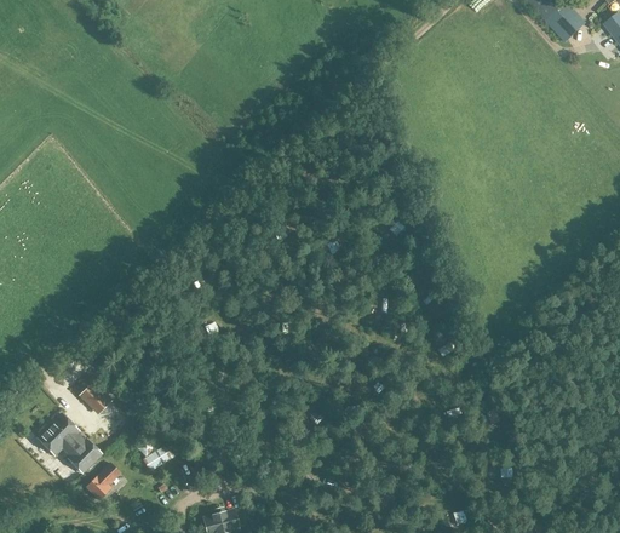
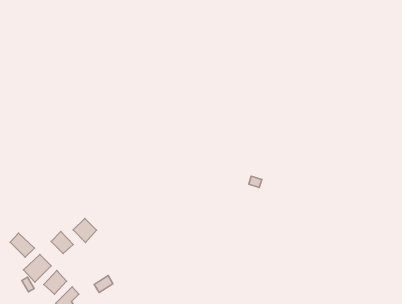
building: none -> [73,218,96,242]
building: none -> [10,233,34,257]

